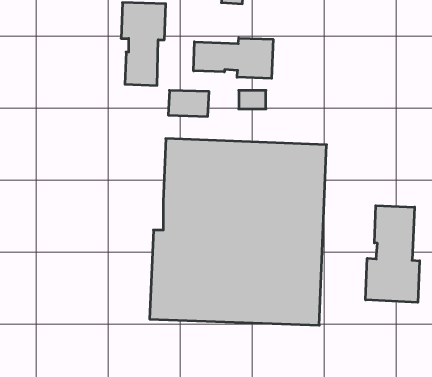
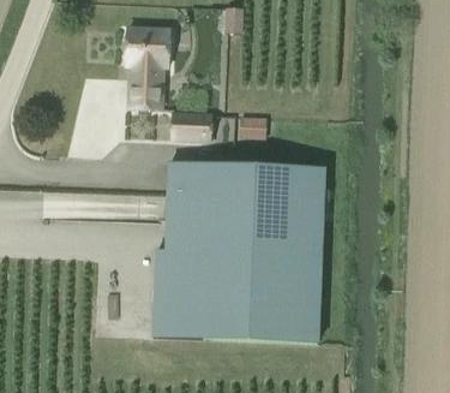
building: [194,38,273,78] -> none
building: [366,206,420,302] -> none

